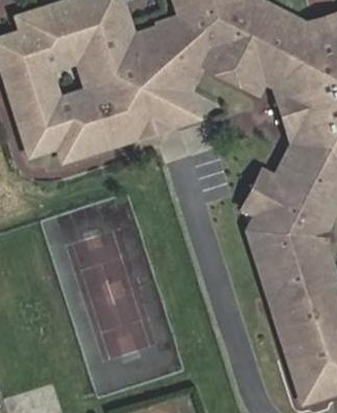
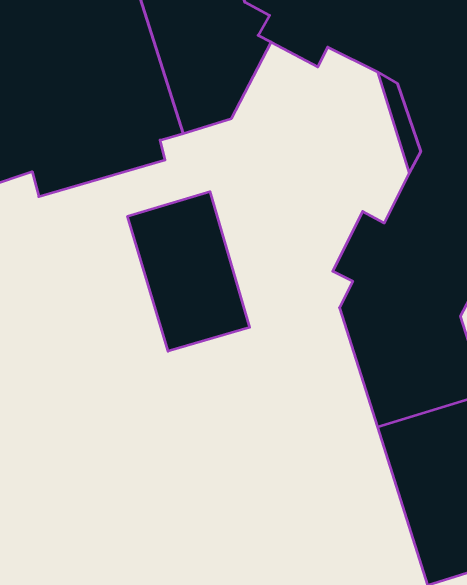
building: none -> [128,192,250,351]

